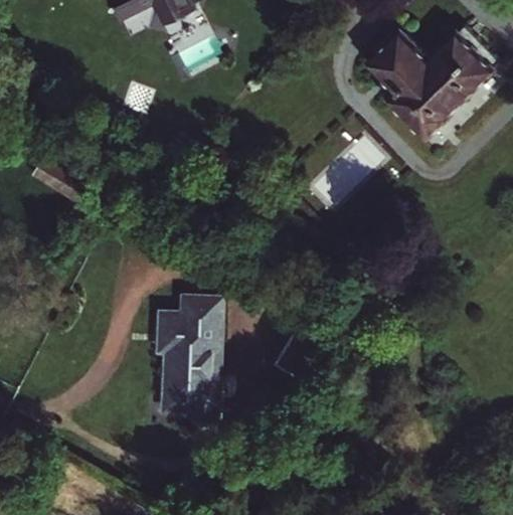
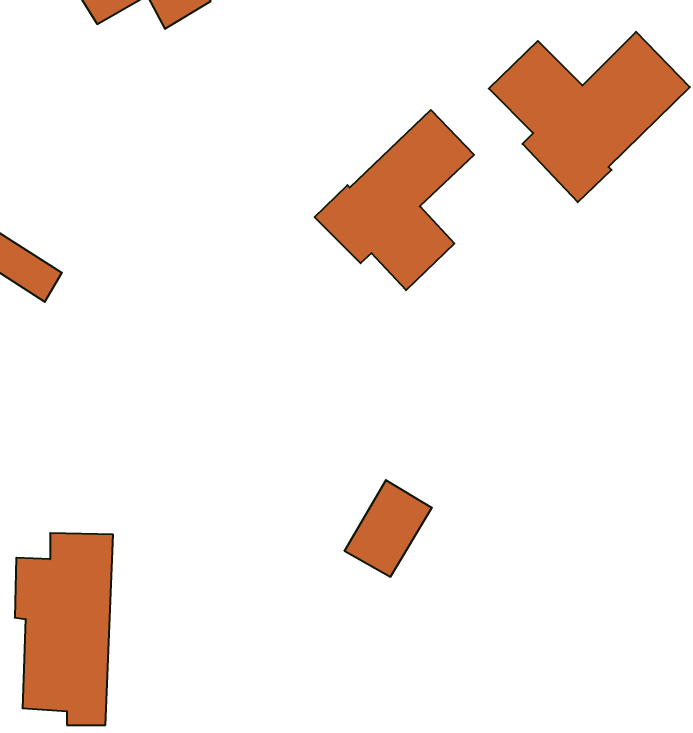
building: none -> [315,110,474,290]
building: [158,297,222,422] -> [15,533,113,725]

